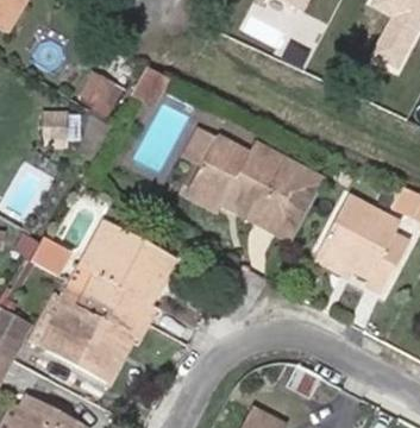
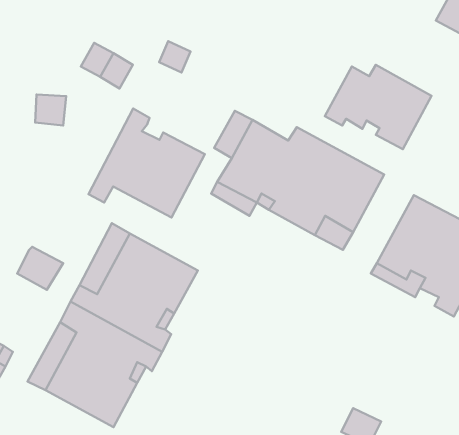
building: none -> [325,65,431,149]
building: none -> [88,109,205,218]

